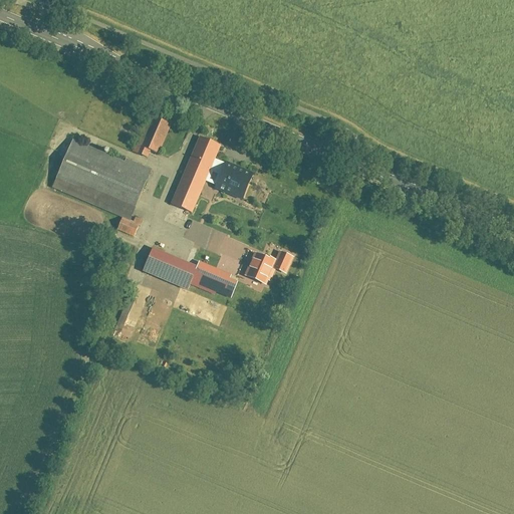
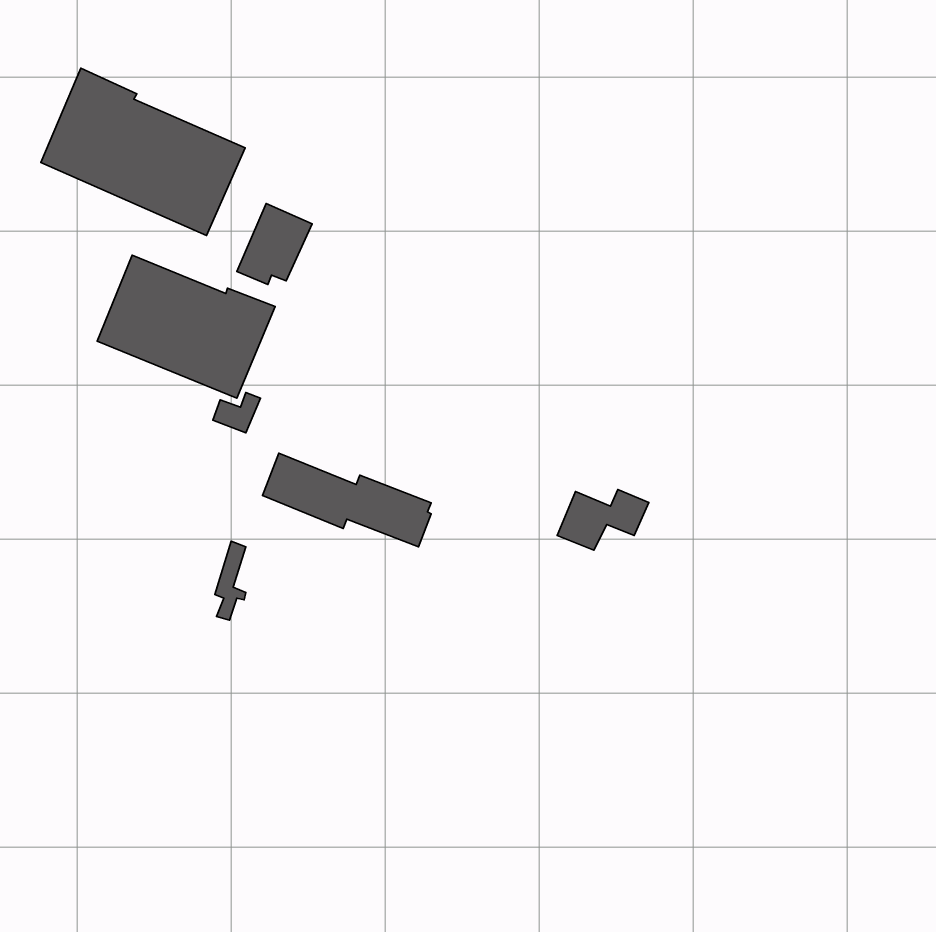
building: none -> [41,68,245,235]
building: [167,131,255,212] -> none
building: [245,250,295,283] -> [557,490,649,550]

